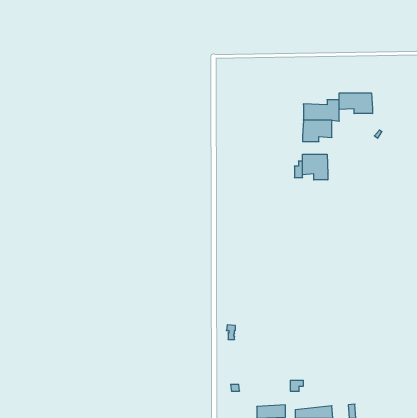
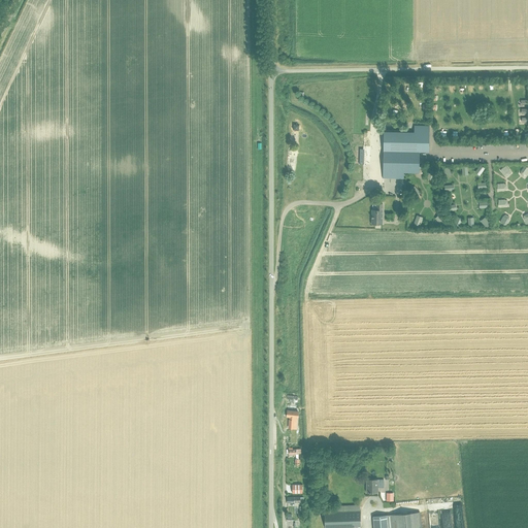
building: [339,93,372,114] -> none
building: [303,154,328,180] -> none

